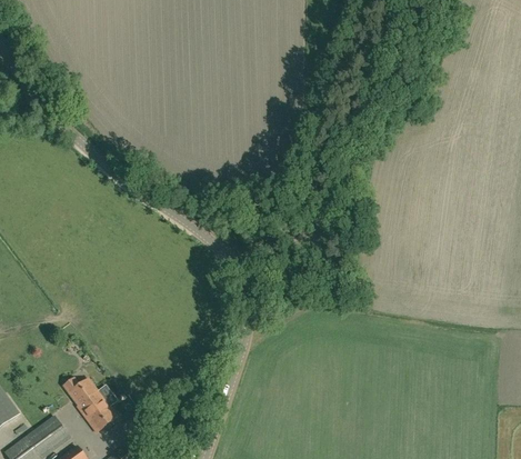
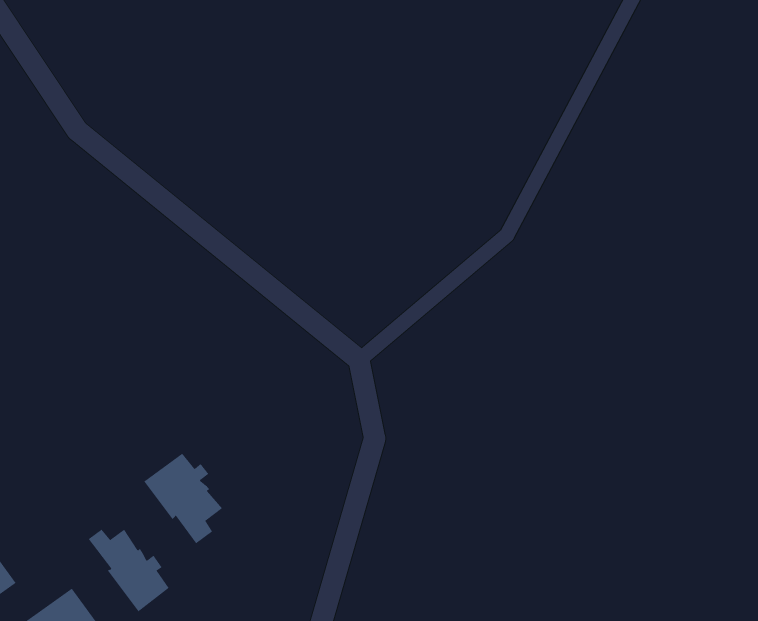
building: none -> [143,453,223,544]

